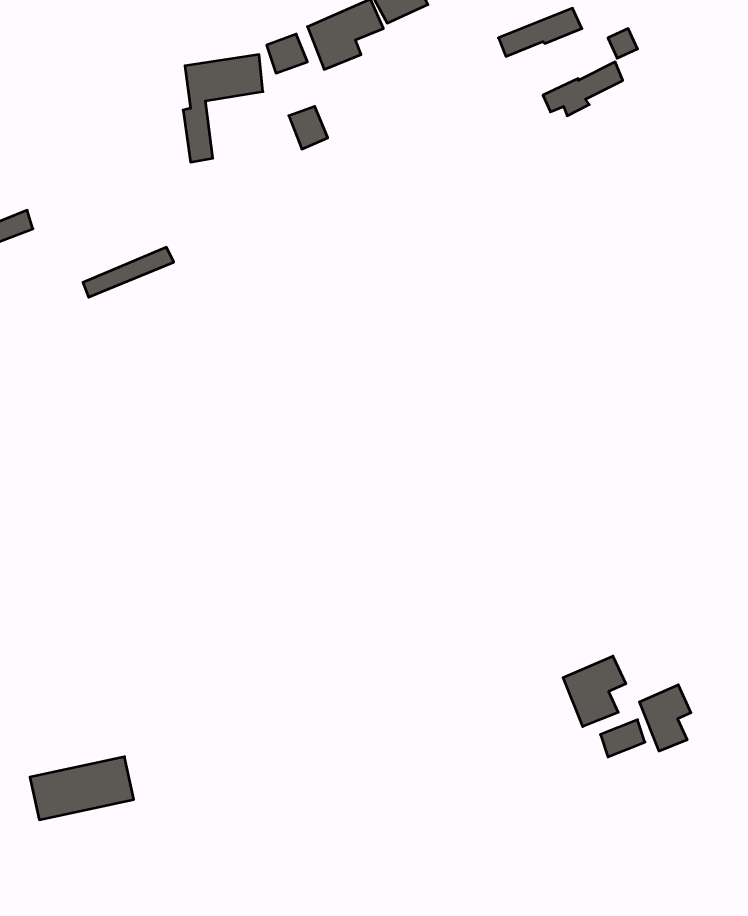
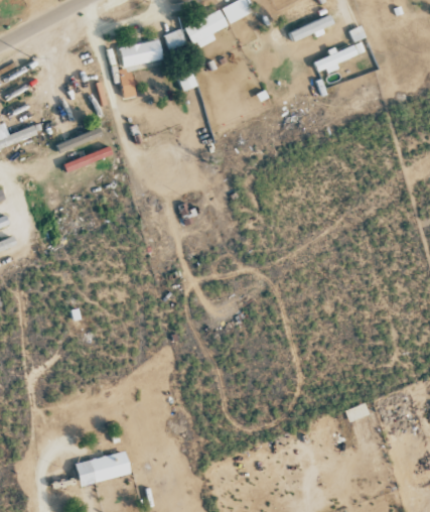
building: [563,656,626,727] -> none
building: [639,685,691,751] -> none
building: [30,757,134,820] -> [76,451,132,485]

